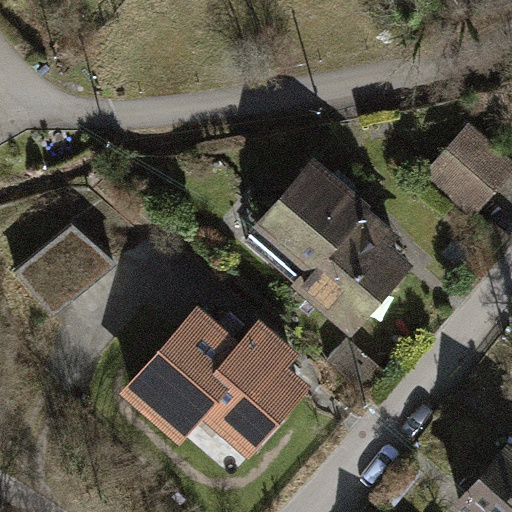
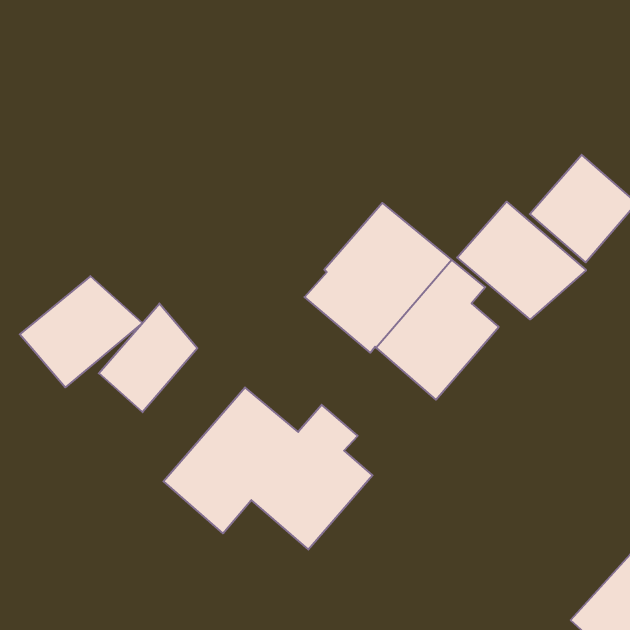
building: none -> [457,202,586,319]
building: none -> [99,303,197,412]

